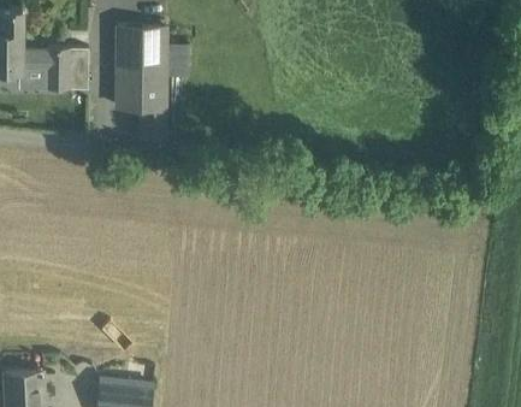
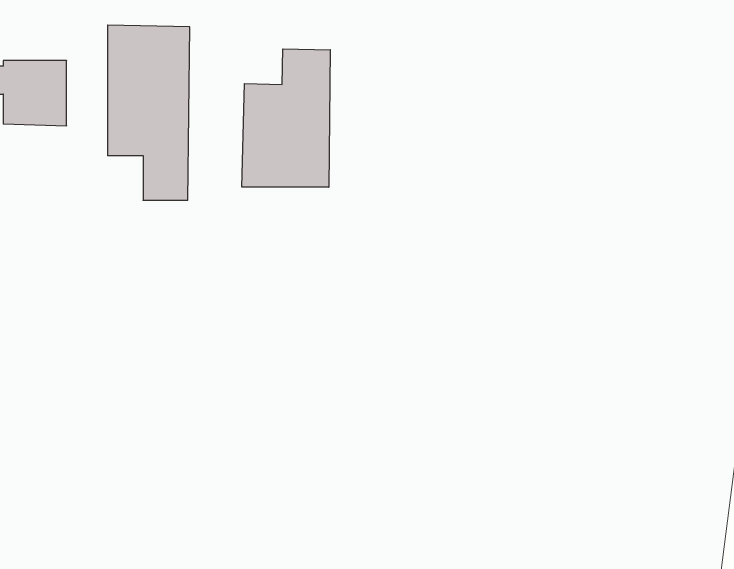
building: none -> [242,49,330,187]

